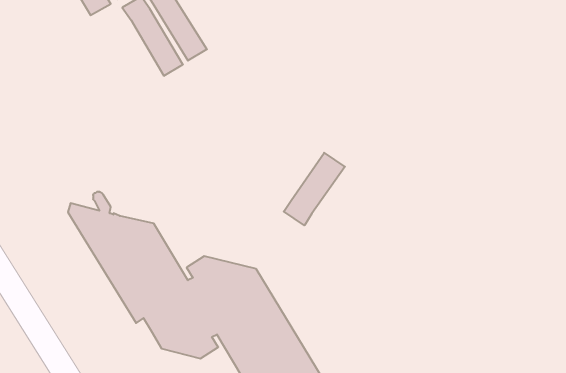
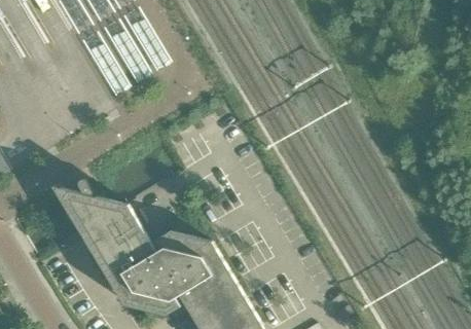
building: none -> [81,31,130,96]
building: [284,153,345,225] -> none

